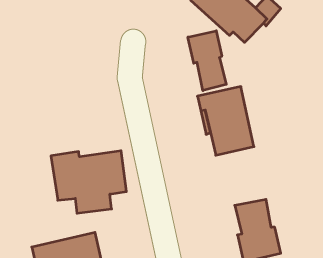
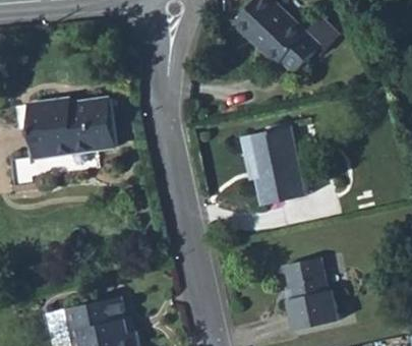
building: [188,31,226,91] -> none
building: [51,151,126,213] -> [26,99,115,172]

